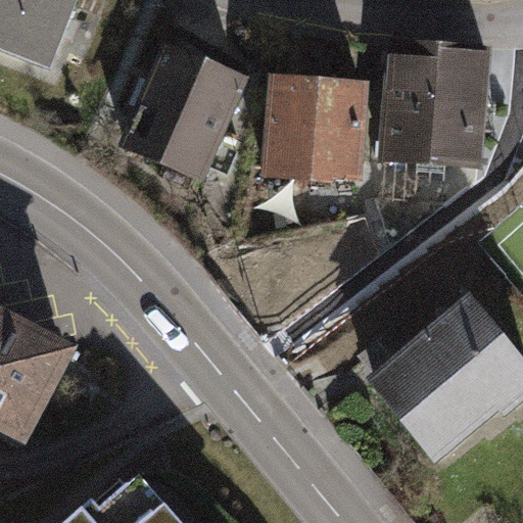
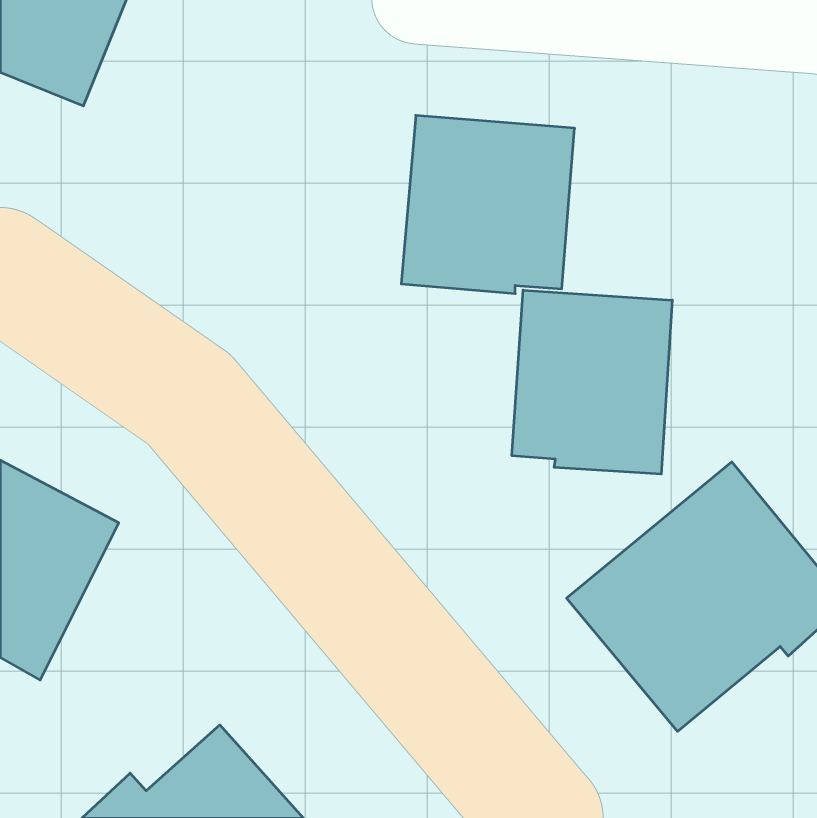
building: [379,41,489,170] -> none
building: [114,43,246,186] -> none
building: none -> [512,290,672,474]

